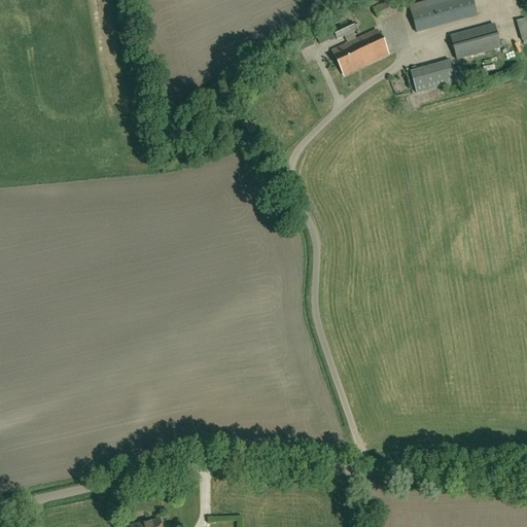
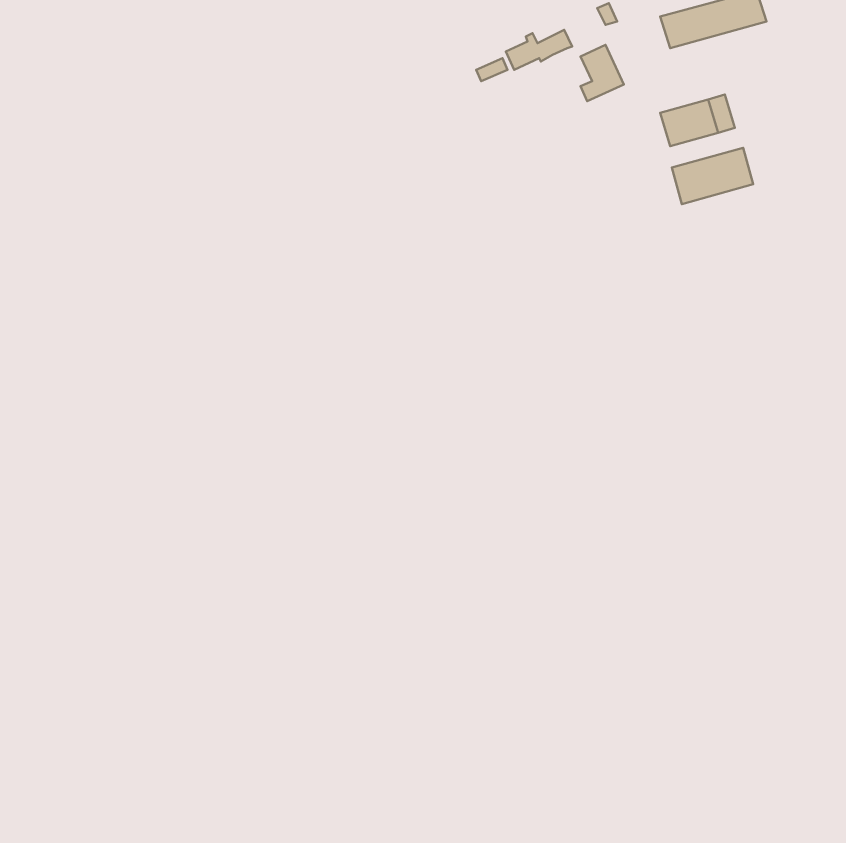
building: [450,23,500,58] -> [672,148,753,204]
building: [331,35,367,73] -> none

